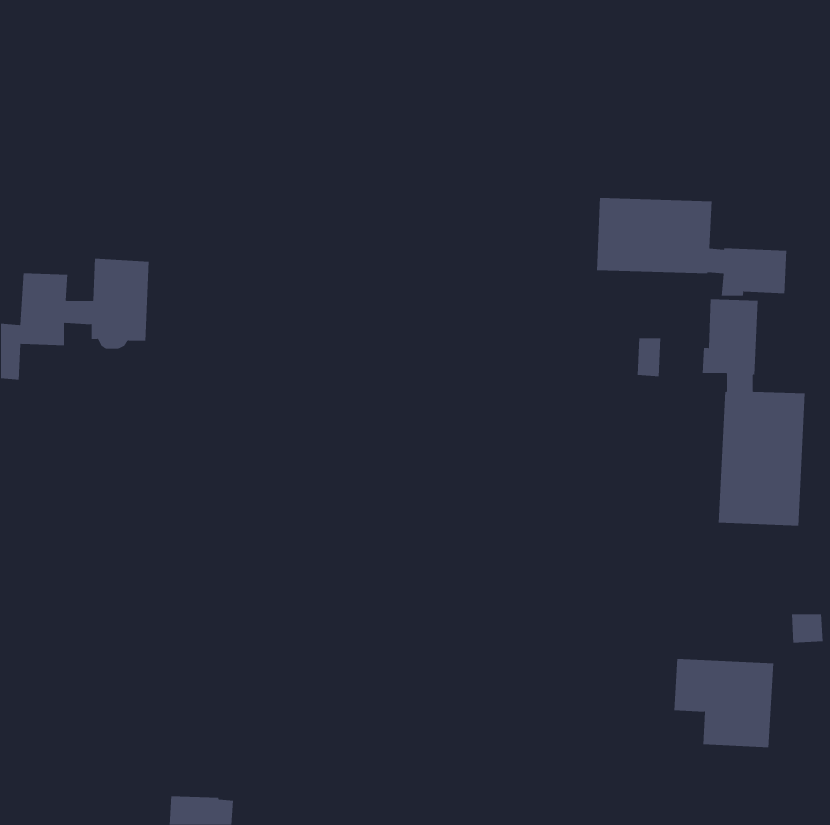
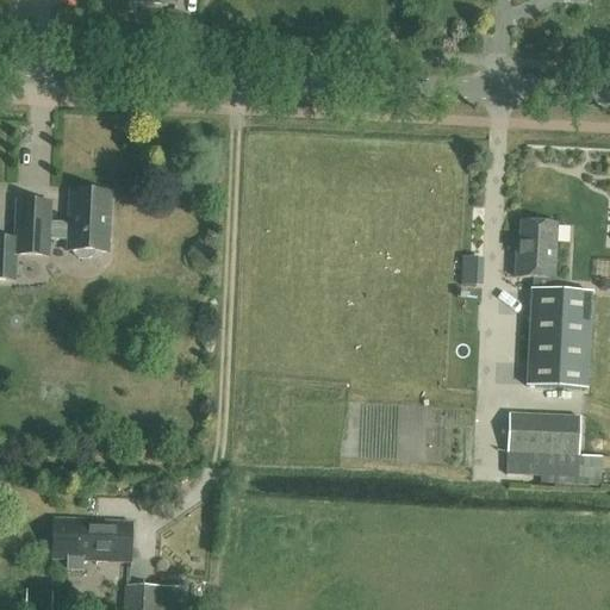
building: [597,197,787,296] -> none
building: [673,658,774,748] -> [506,411,580,477]
building: none -> [52,519,131,568]

